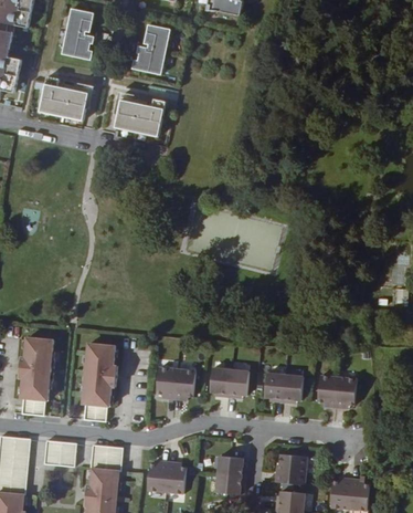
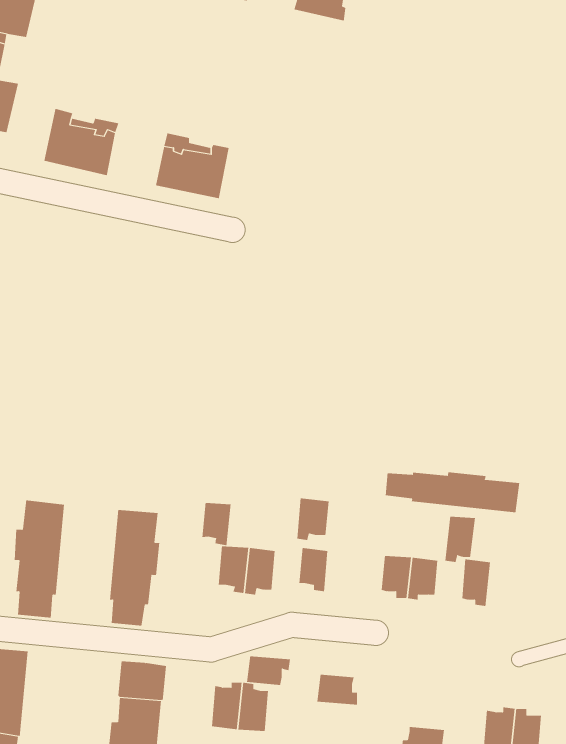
building: [60,9,92,60] -> none
building: [129,24,168,75] -> none
building: none -> [385,472,520,513]
building: none -> [202,502,231,546]
building: [226,371,248,400] -> [296,498,329,541]
building: [335,379,356,410] -> [445,516,476,562]
building: [41,441,74,468] -> none
building: [277,449,310,483] -> none
building: [219,473,248,493] -> [246,656,291,686]

